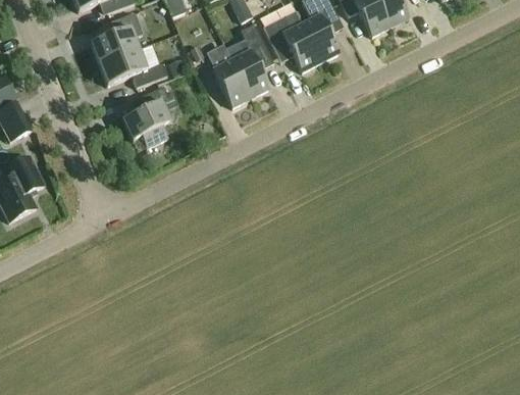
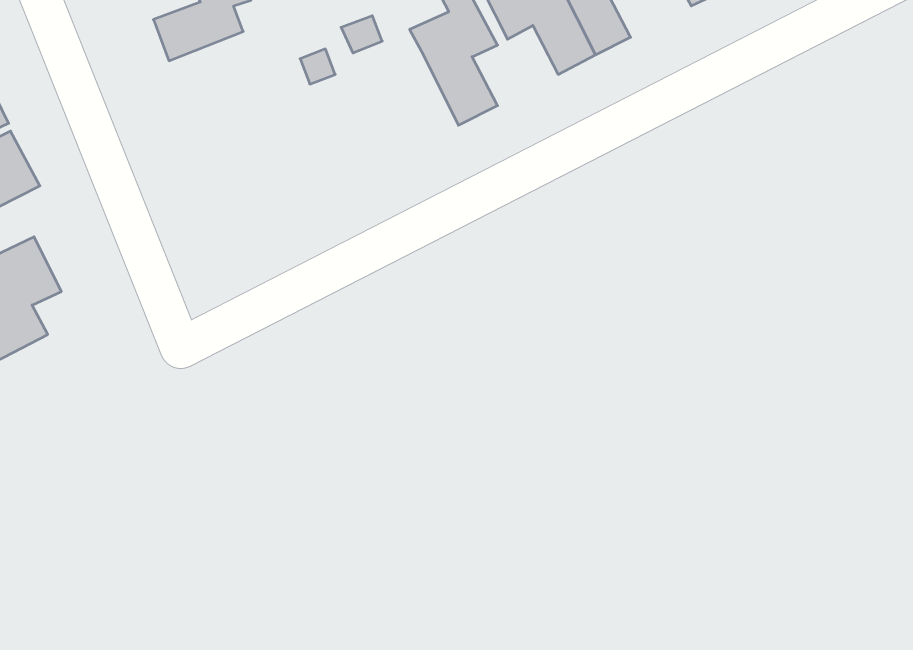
building: [99,49,167,87] -> none
building: [212,59,250,107] -> none
building: [122,86,177,148] -> none

